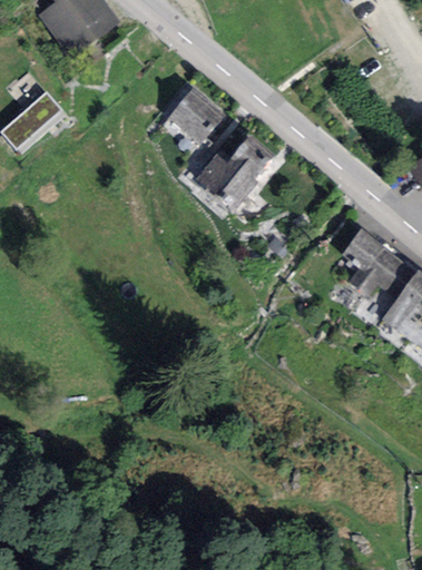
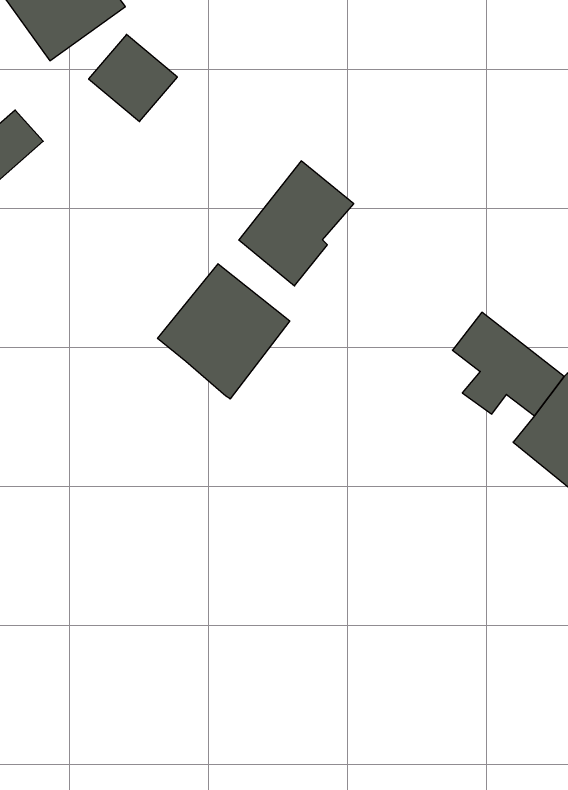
building: [167,87,227,146] -> [89,34,177,122]
building: none -> [158,264,290,399]

